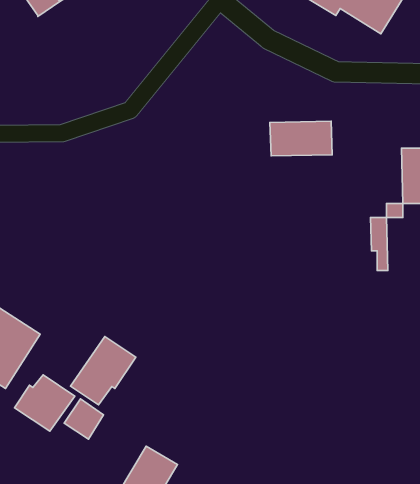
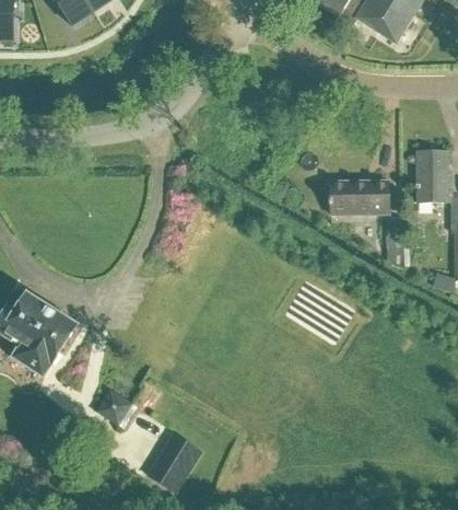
building: [270,121,332,156] -> [330,181,389,213]
building: [70,337,136,405] -> none
building: [15,375,75,431] -> none

